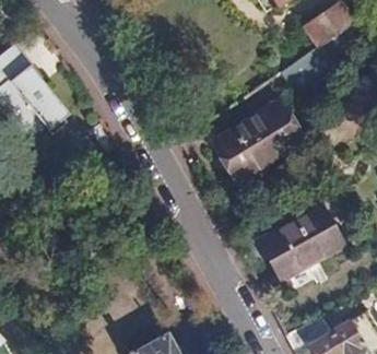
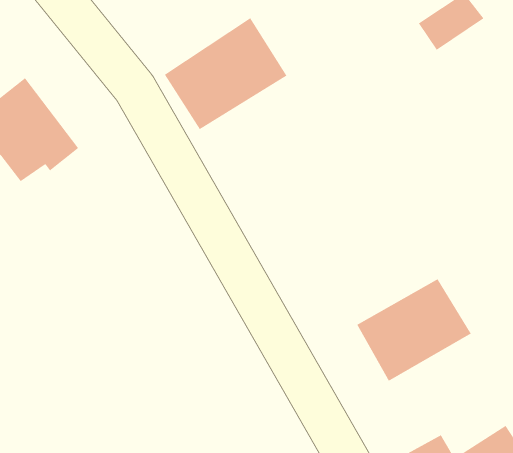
building: [215,99,303,179] -> [164,17,288,130]

